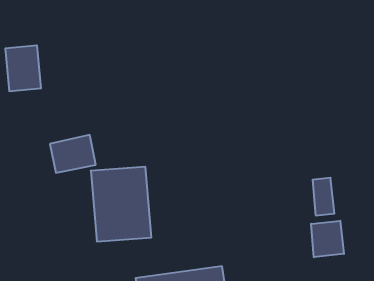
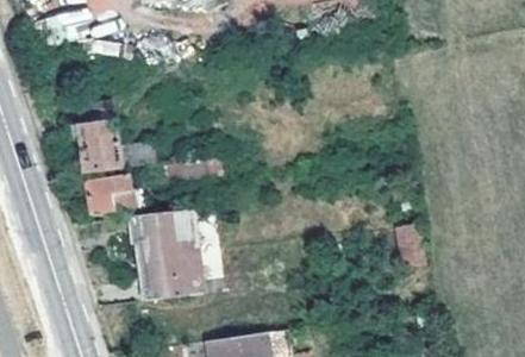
building: [5,45,41,91] -> [75,119,118,174]
building: [311,221,344,257] -> none

